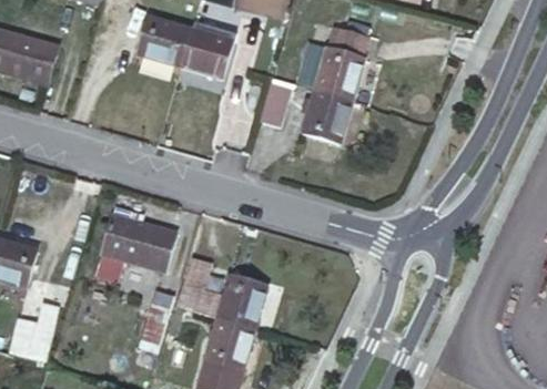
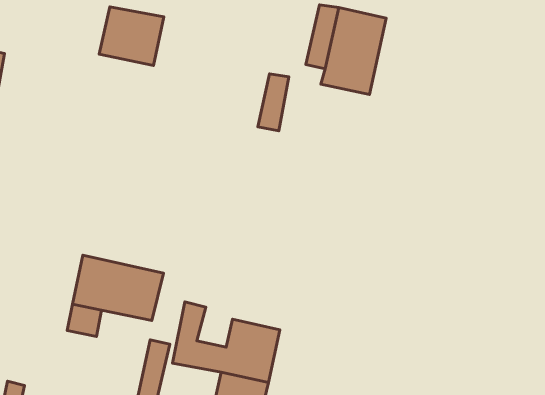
building: [179,25,233,78] -> none
building: [301,89,352,142] -> none

